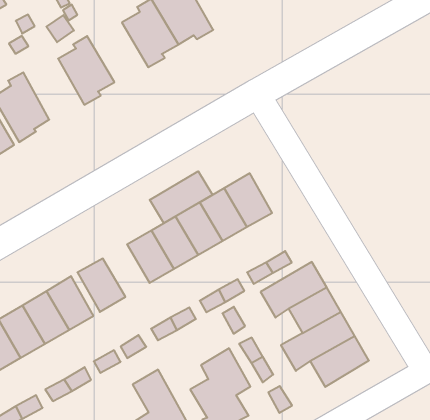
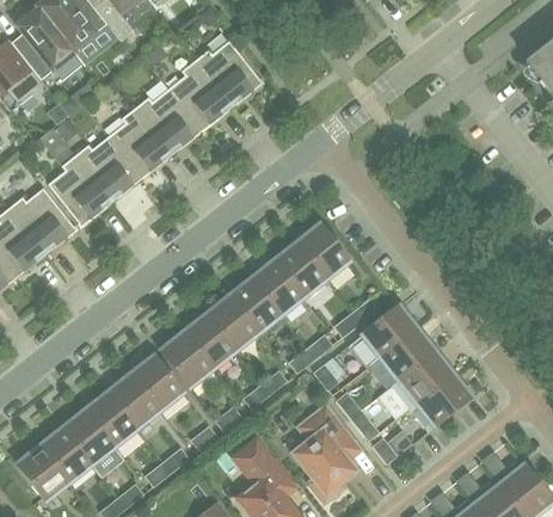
building: none -> [135,88,202,150]
building: none -> [75,135,142,198]
building: [150,171,212,223] -> none
building: none -> [184,314,235,368]

